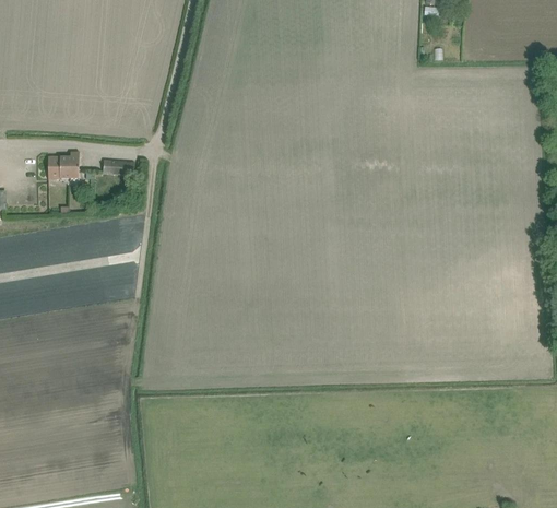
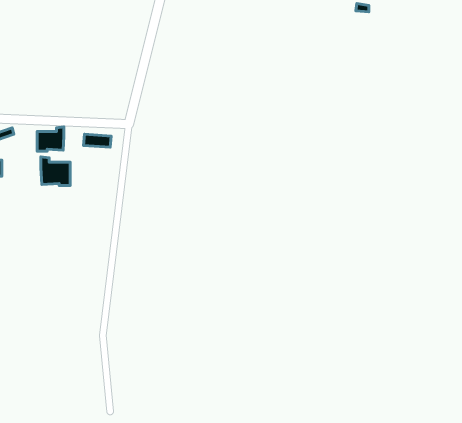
building: none -> [41,157,70,186]

